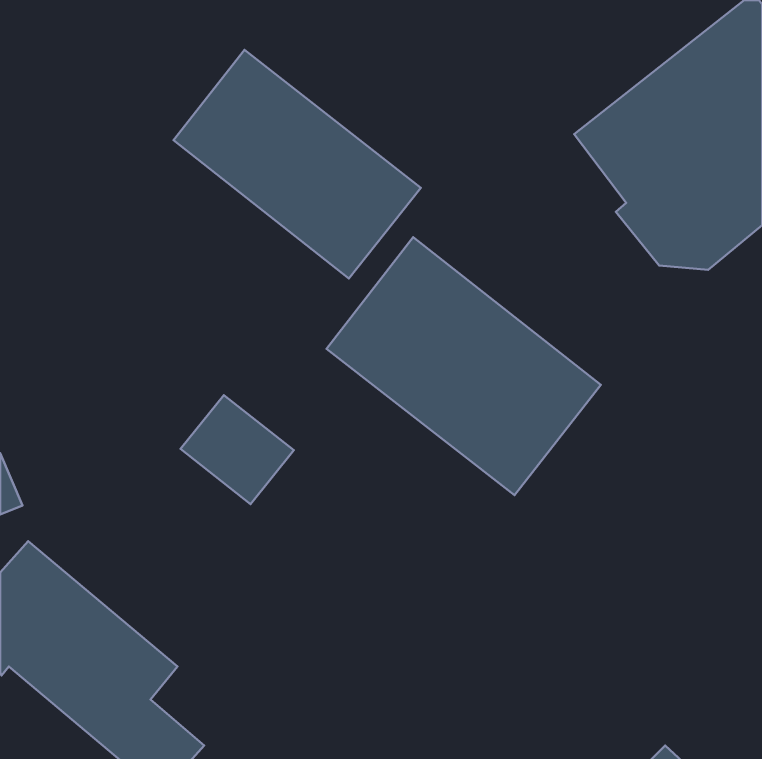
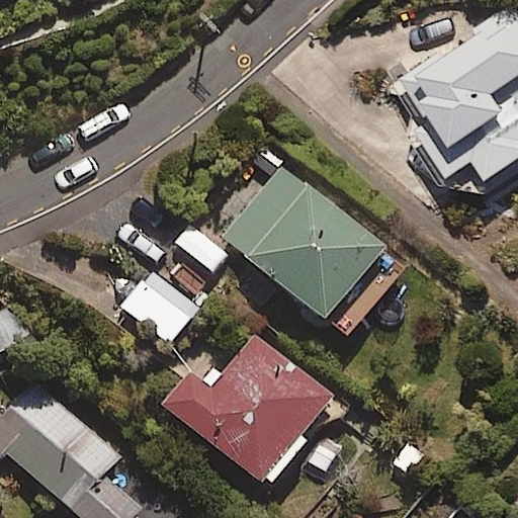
building: [174,50,421,278] -> none
building: none -> [162,335,336,486]

